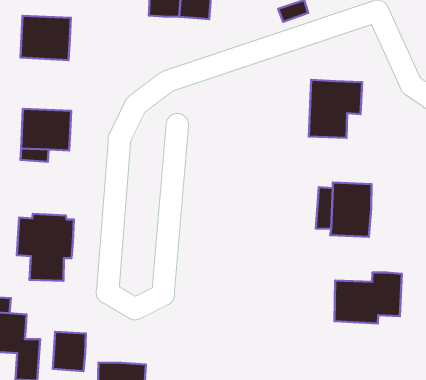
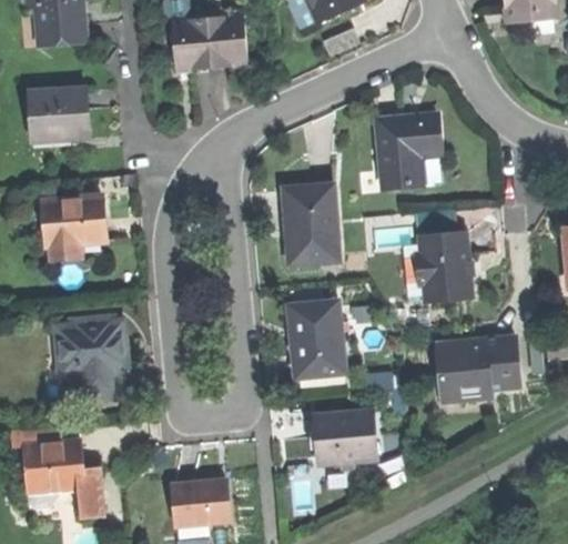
building: none -> [283,183,339,265]
building: none -> [291,301,345,377]
building: none -> [315,410,376,463]
building: [53,332,86,371] -> none

